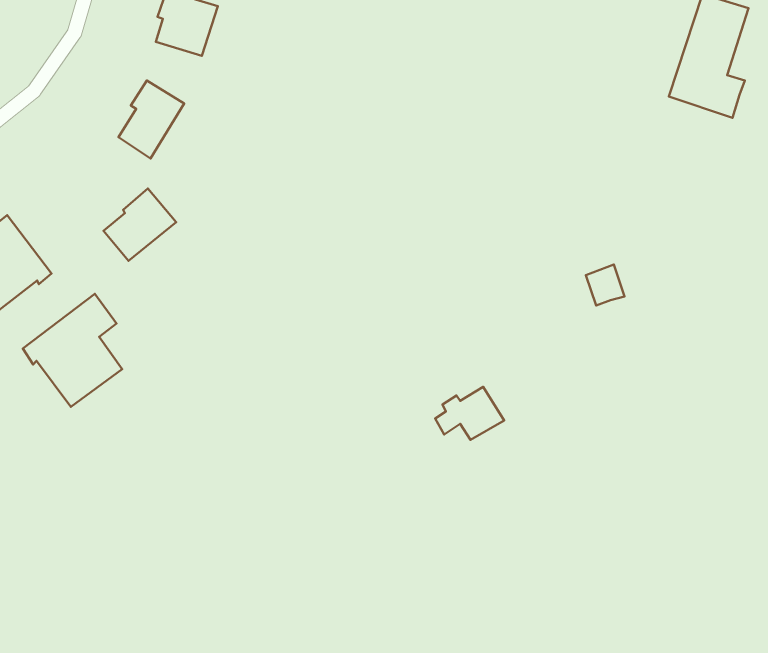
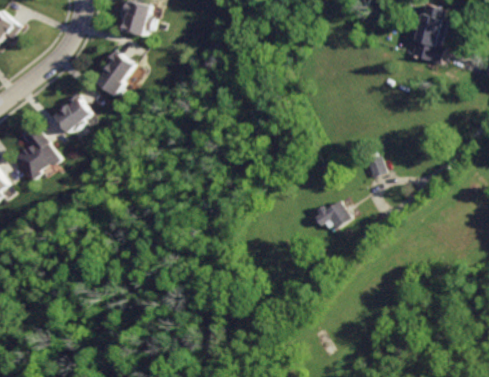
building: [104,188,176,261] -> [51,92,92,133]
building: [23,294,122,407] -> none
building: [435,387,504,440] -> [311,199,350,229]

